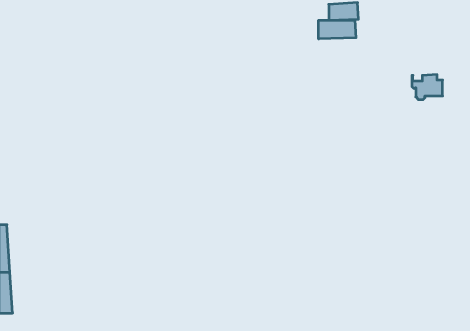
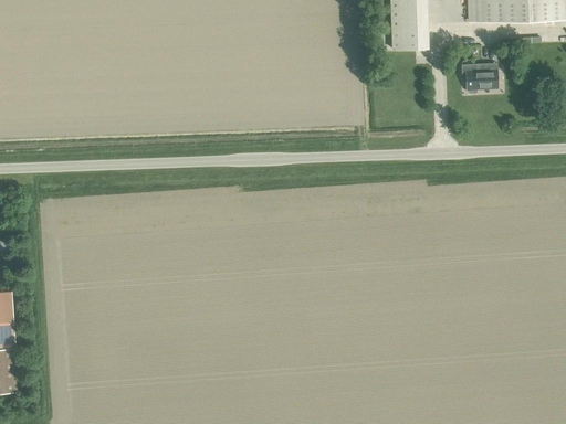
building: [319,20,356,39] -> none
building: [412,75,443,100] -> [461,63,497,93]

